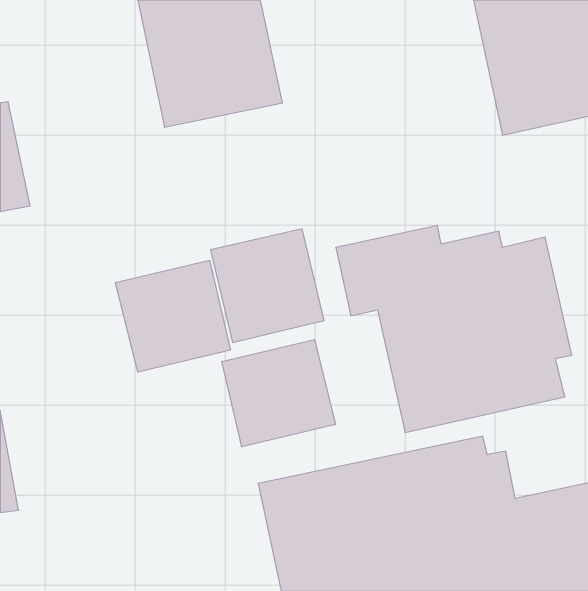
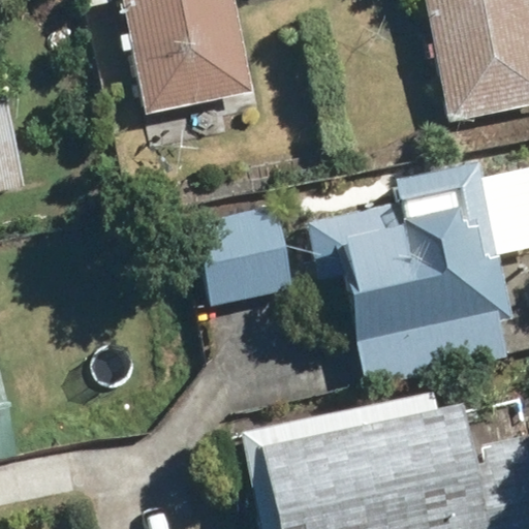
building: [116,260,230,372] -> none
building: [222,340,336,447] -> none

